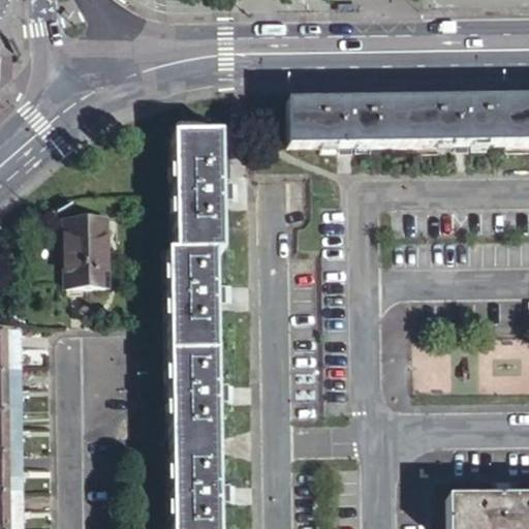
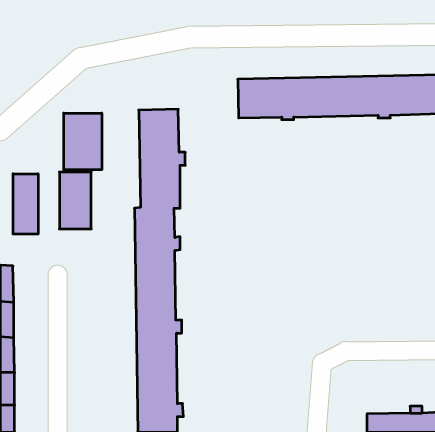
building: none -> [64,113,102,170]
building: none -> [13,174,38,234]

